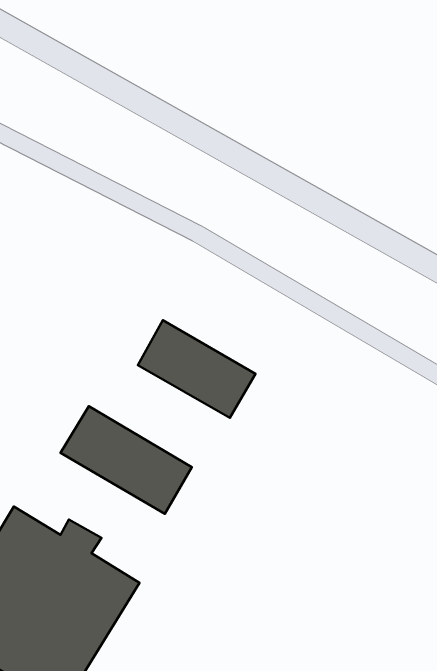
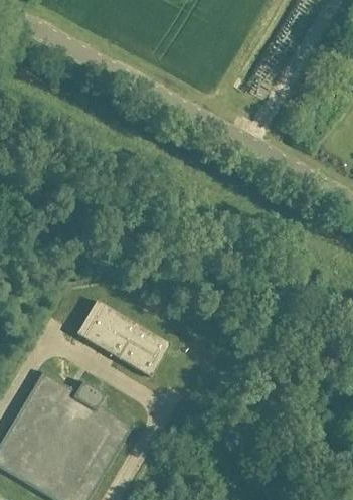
building: [138,320,255,418] -> none

